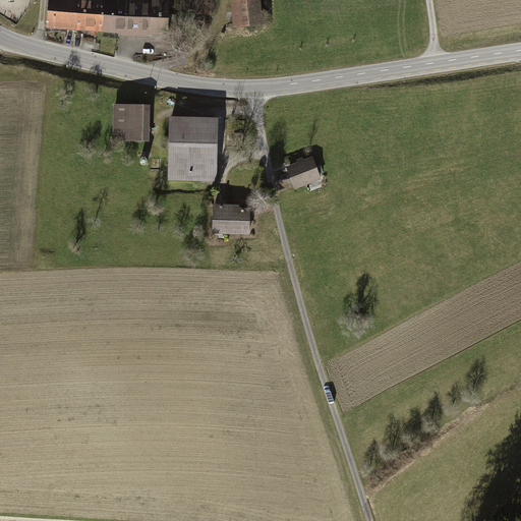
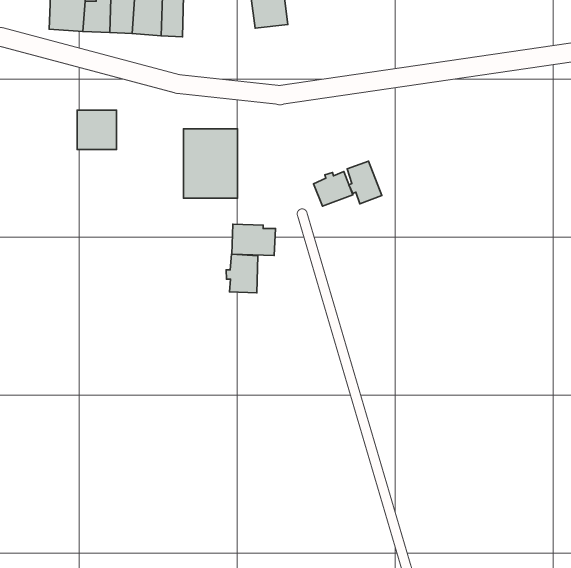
building: [114,105,150,140] -> [77,110,116,149]
building: none -> [347,161,382,204]
building: none -> [226,254,258,293]

